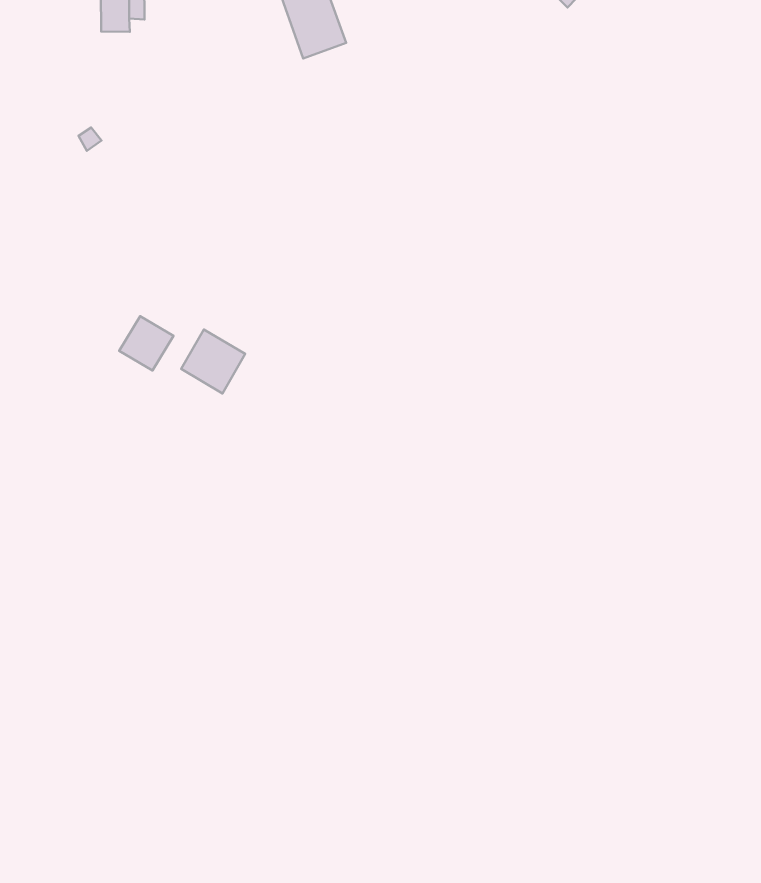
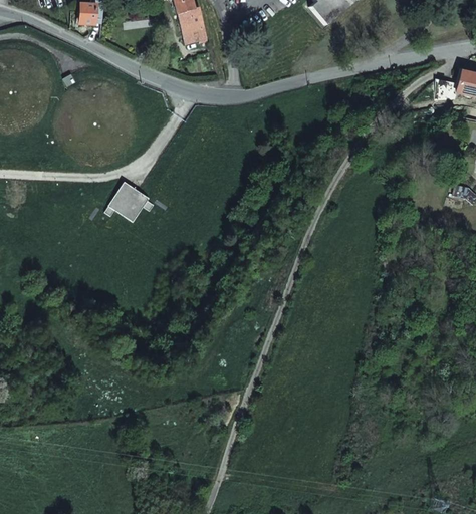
building: [119,316,173,370] -> none

